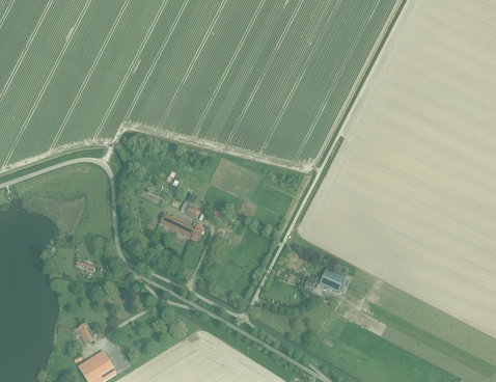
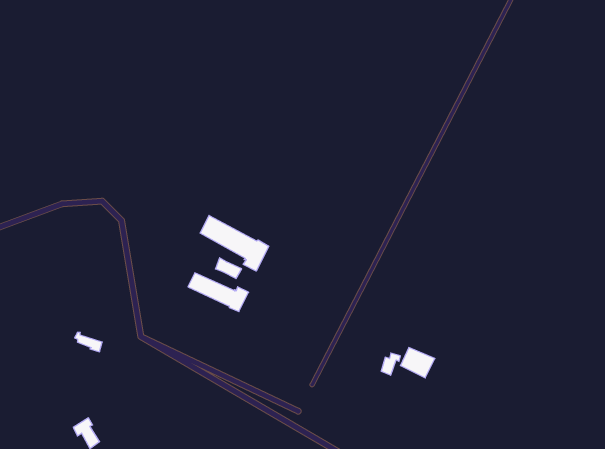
building: none -> [200,215,269,271]

